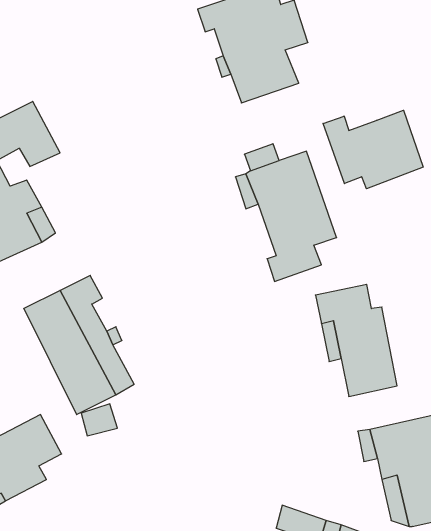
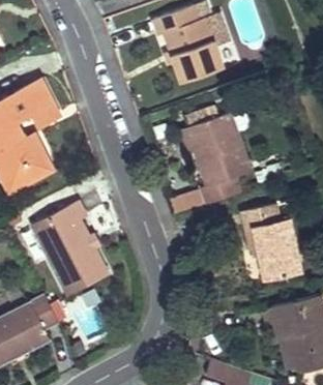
building: [323,110,423,189] -> none

